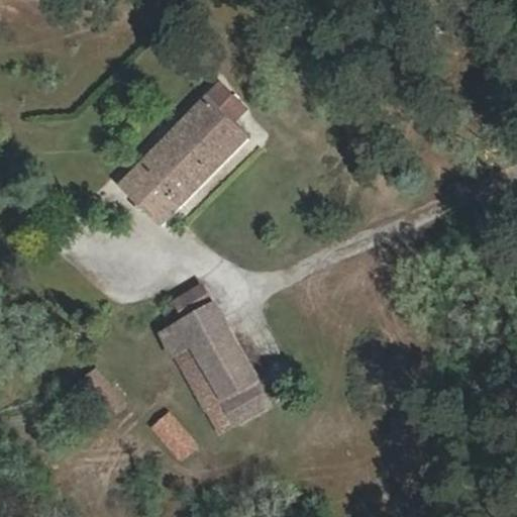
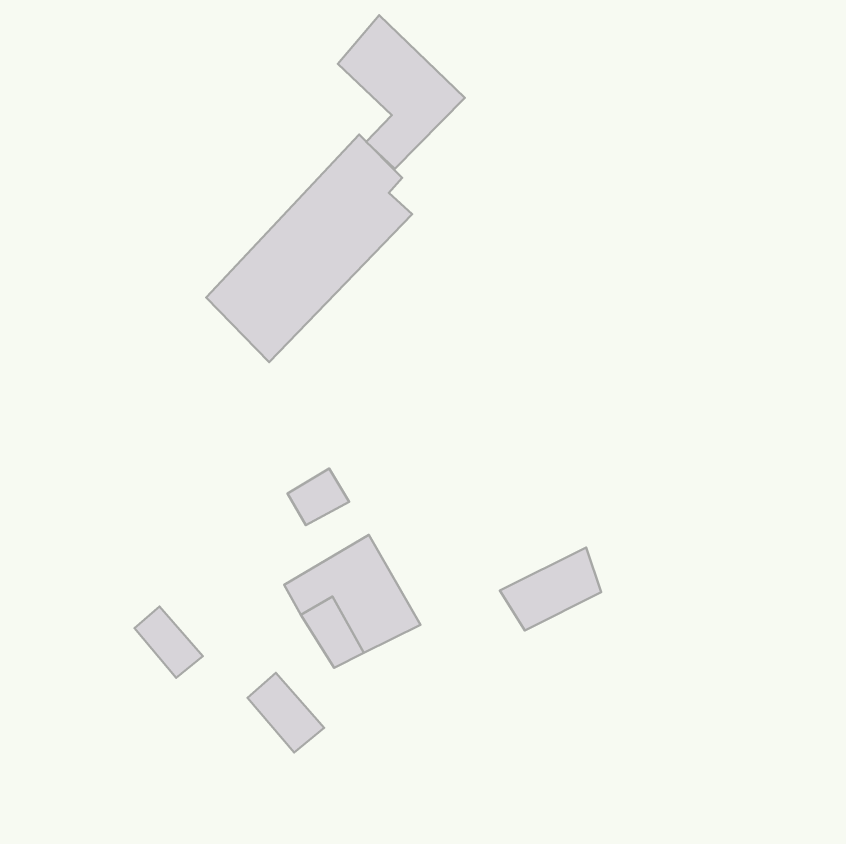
building: none -> [338,15,465,169]
building: [161,305,224,355] -> none
building: [203,380,265,430] -> [500,547,601,631]

